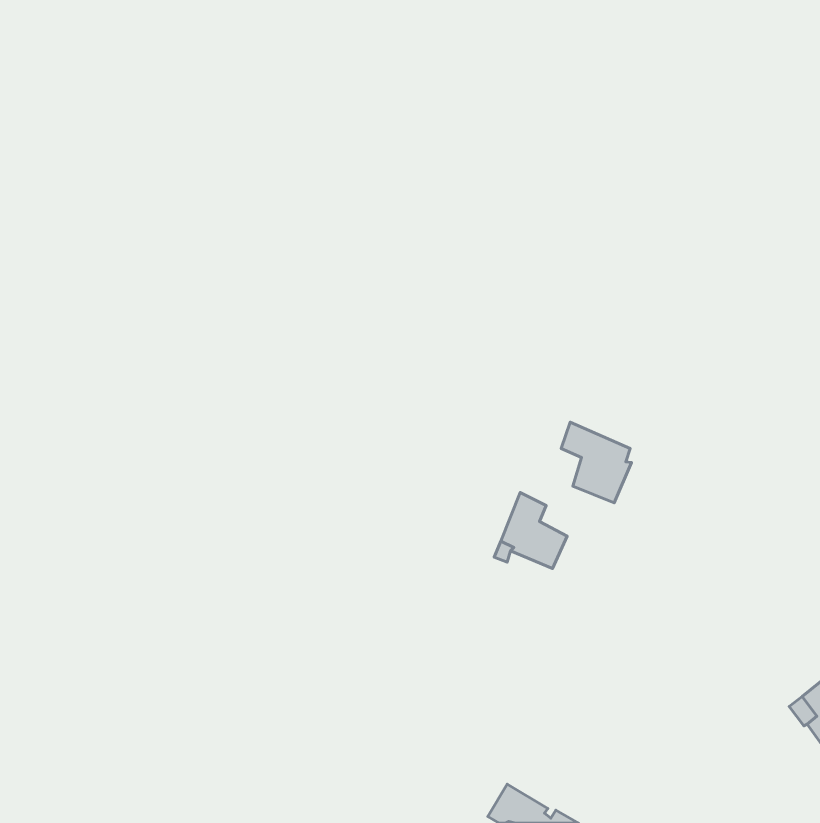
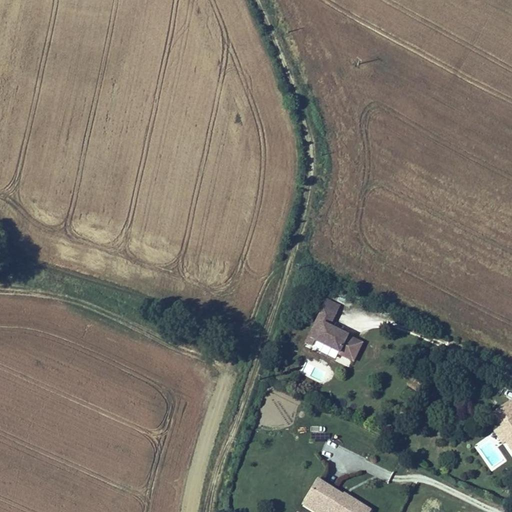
building: [561,422,631,503] -> none

